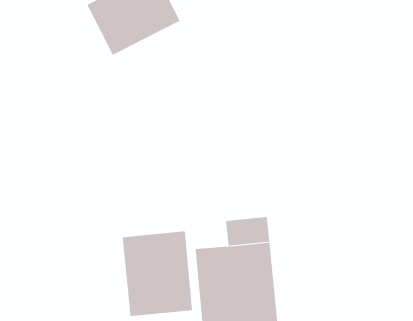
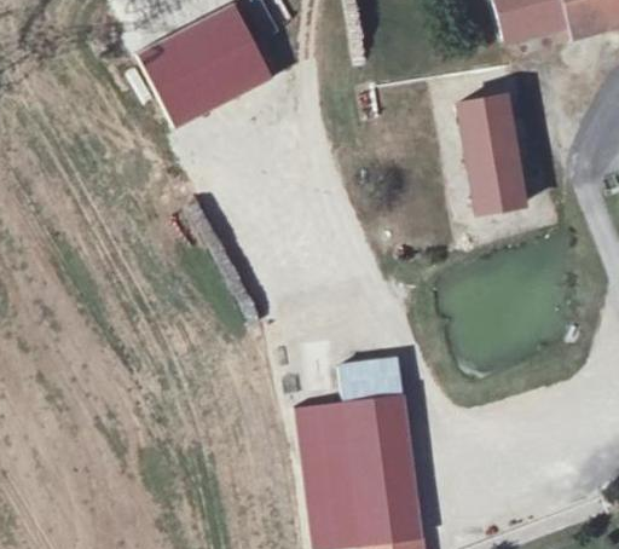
building: none -> [458,96,523,213]
building: [122,230,193,317] -> none

